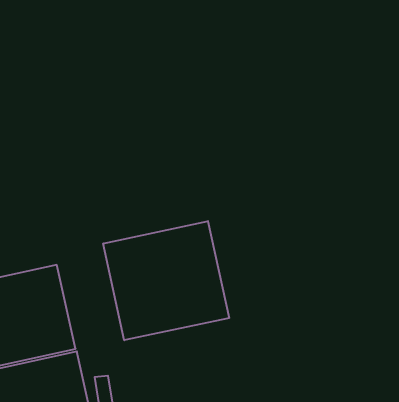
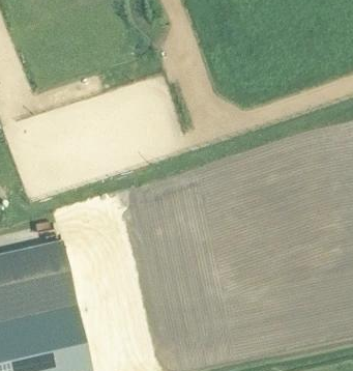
building: [103,221,229,340] -> none

